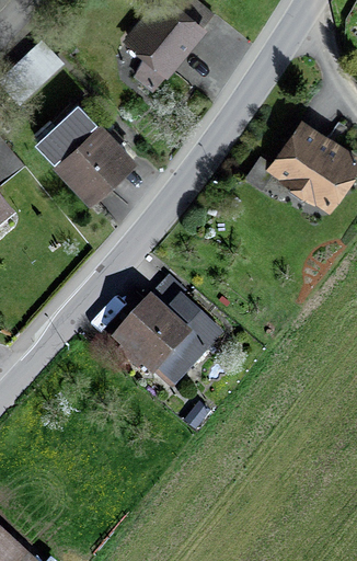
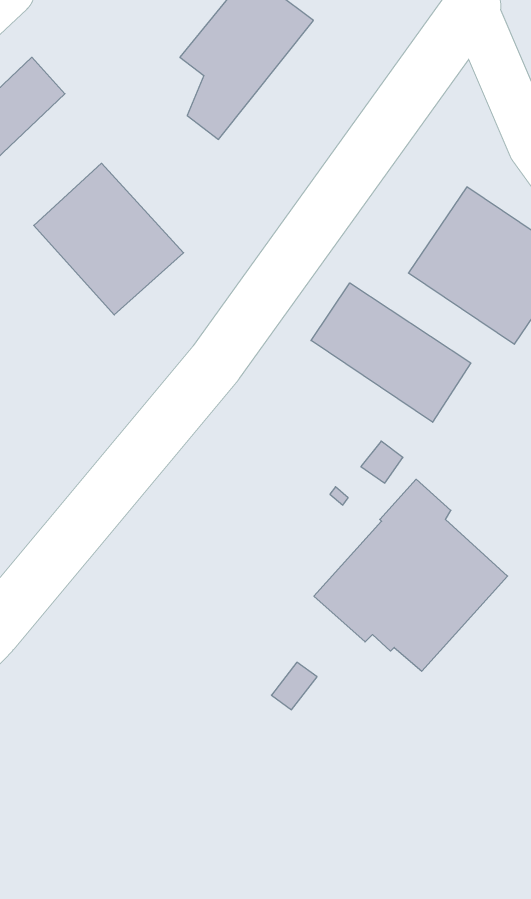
building: none -> [311,283,471,422]
building: [106,275,222,390] -> [314,479,508,671]

